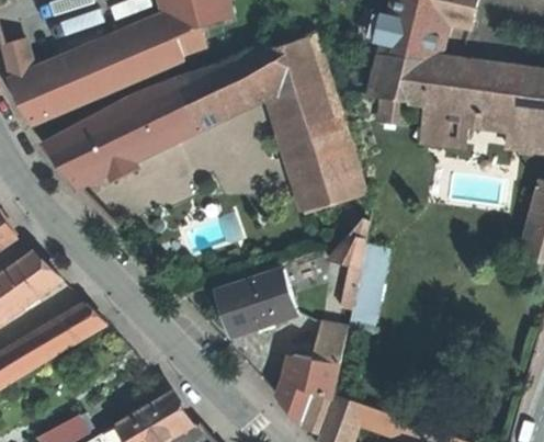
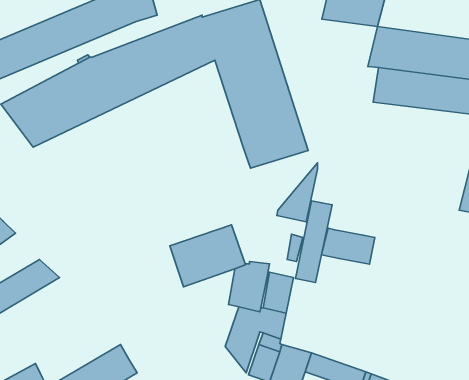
building: [369,56,435,105] -> none
building: none -> [322,228,375,264]

